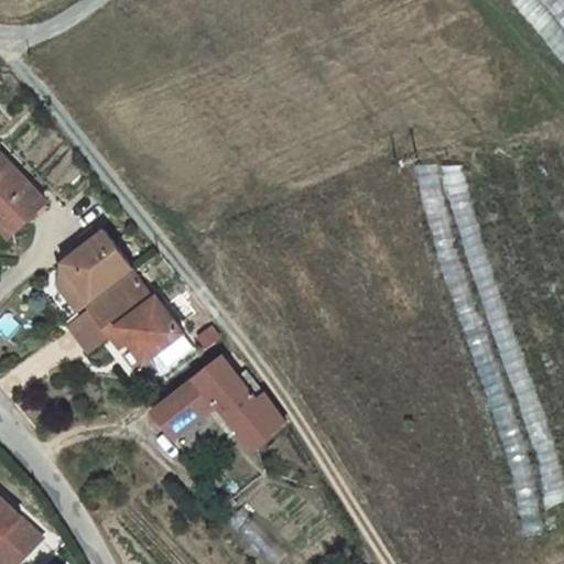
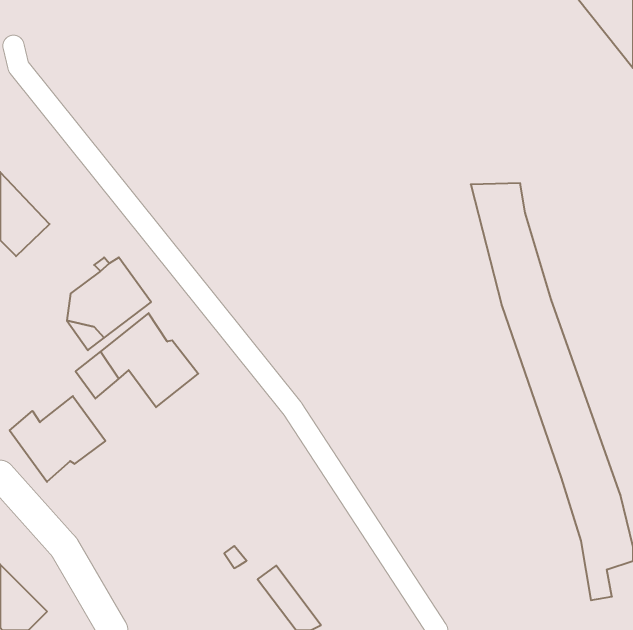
building: none -> [10,396,105,482]
building: [148,357,283,446] -> none

